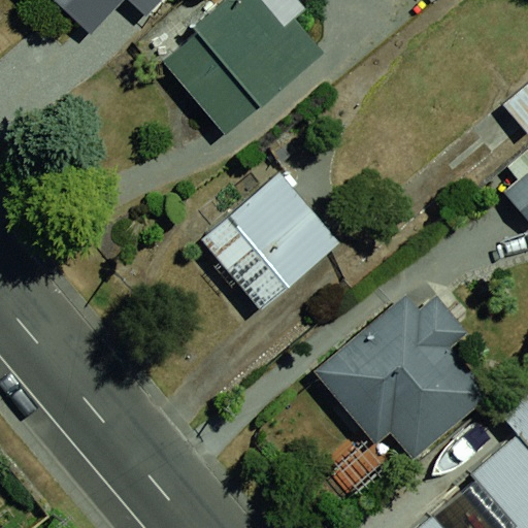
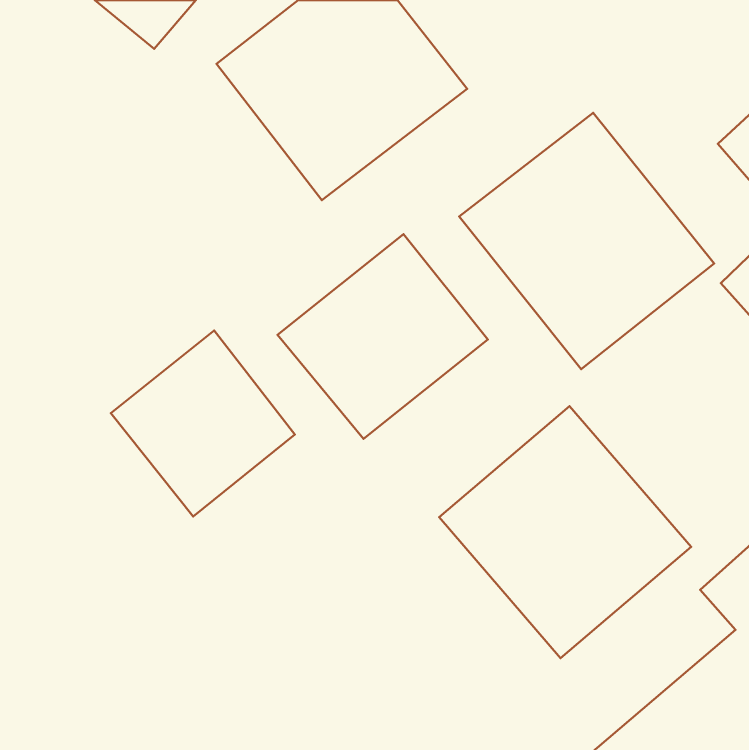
building: none -> [459,113,714,369]
building: none -> [111,331,295,516]

